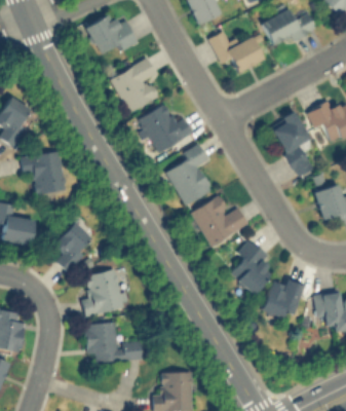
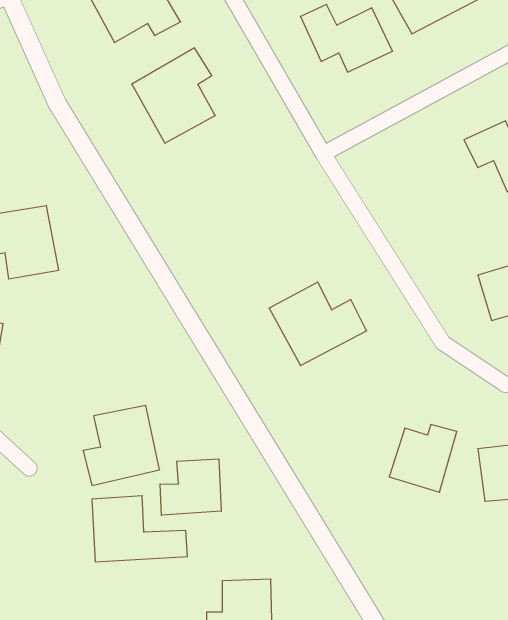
building: [140,105,193,152] -> none
building: [270,113,314,178] -> none
building: [166,143,213,204] -> none
building: [53,223,94,270] -> none
building: [231,240,273,295] -> none
building: none -> [160,459,221,515]

